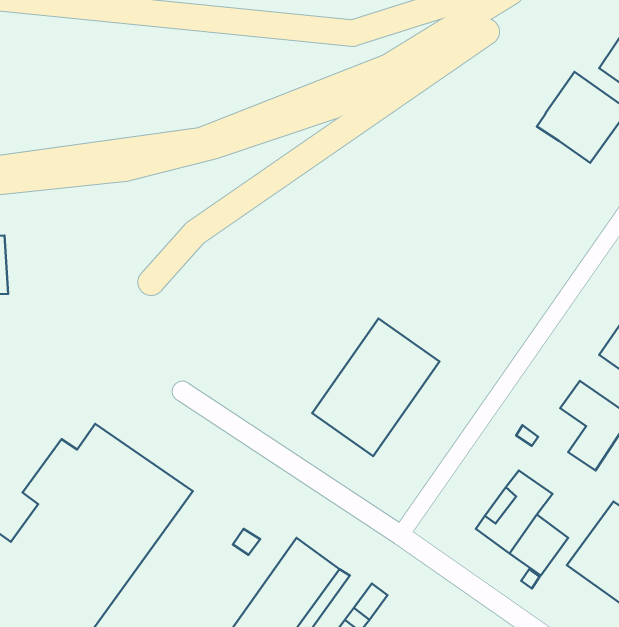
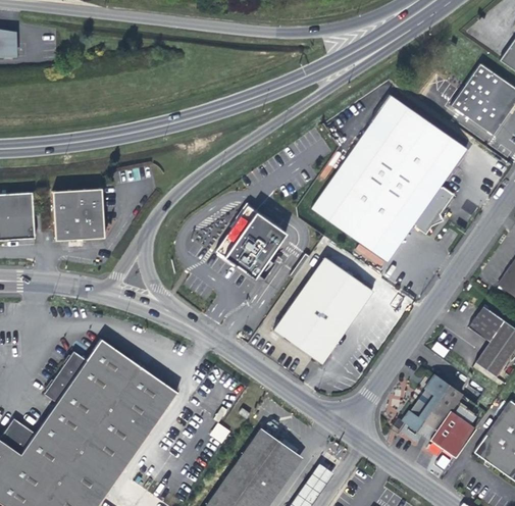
building: none -> [311,96,466,262]
building: none -> [53,188,104,240]
building: none -> [217,207,288,279]

